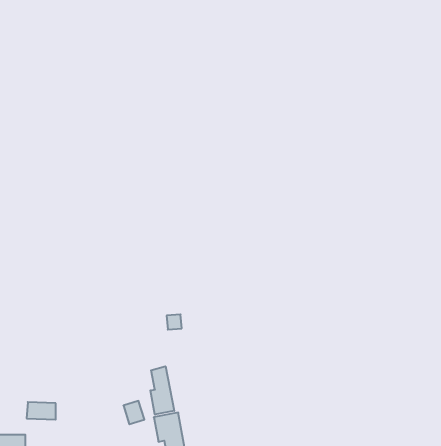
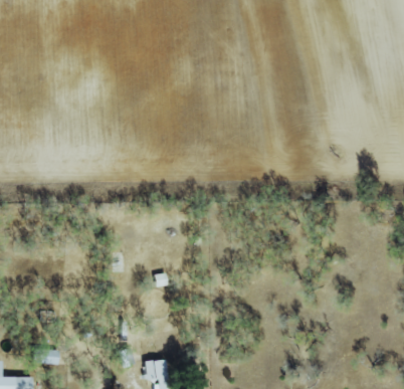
building: [150,366,174,415] -> none

